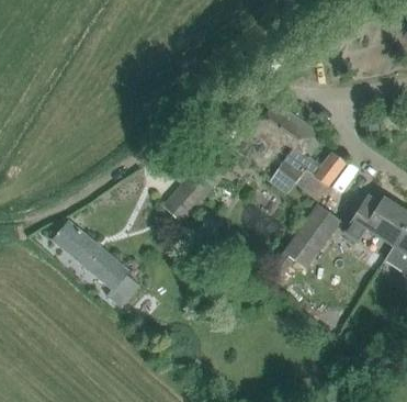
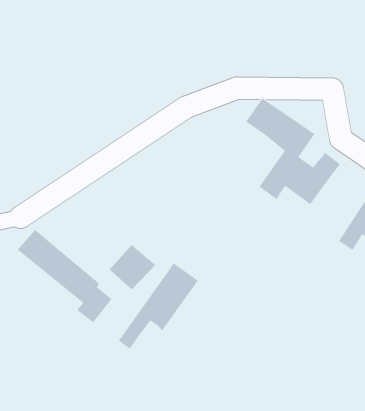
building: [162,181,205,223] -> [109,244,156,290]
building: [265,204,339,283] -> [118,262,199,349]

